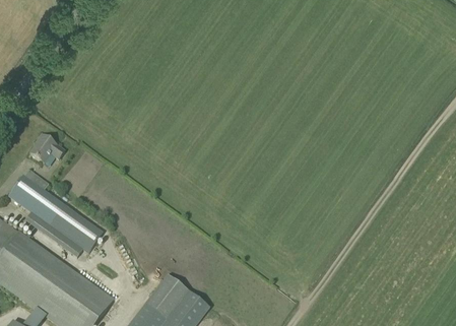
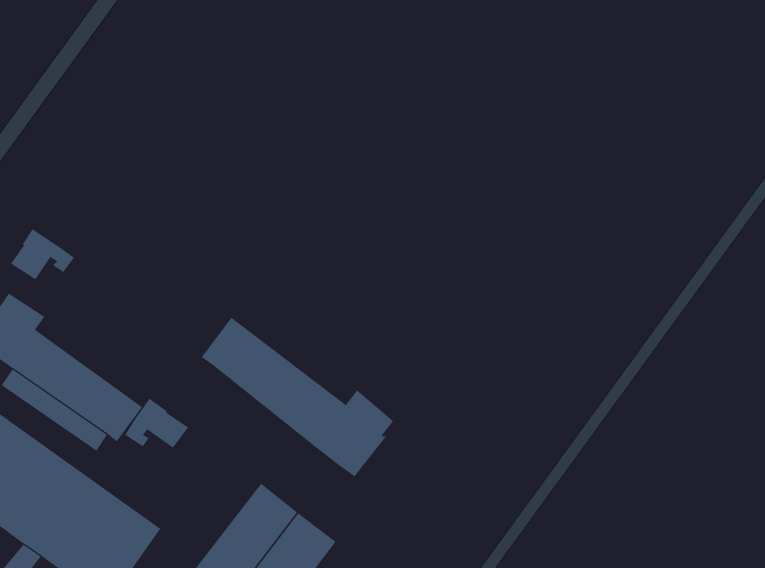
building: none -> [201,317,394,477]
building: none -> [124,398,189,449]

